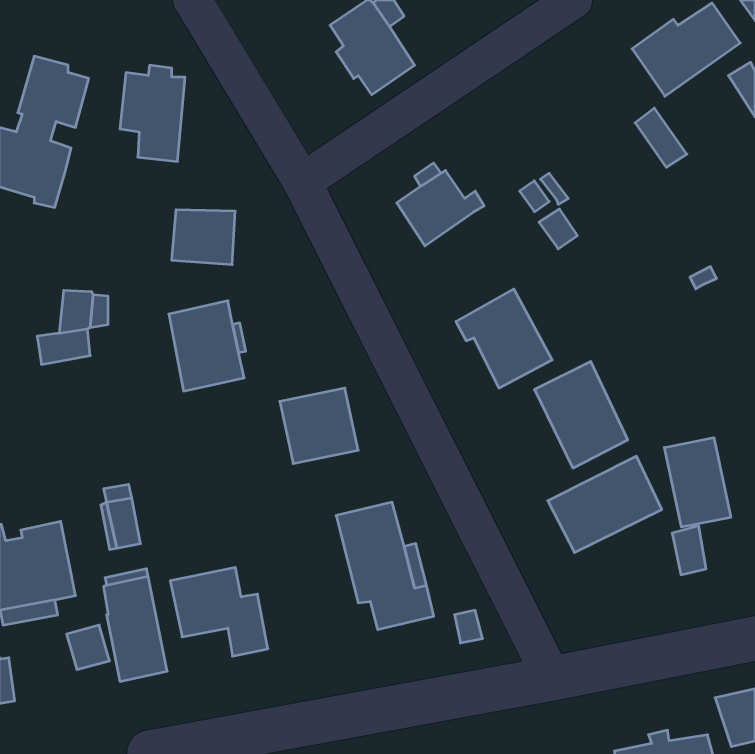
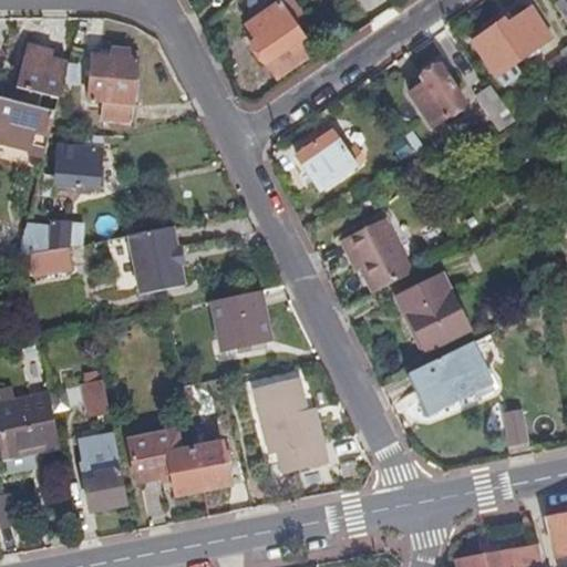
building: none -> [409,64,465,127]
building: [172,210,235,265] -> [56,145,104,186]
building: [664,438,731,527] -> none
building: none -> [193,441,228,487]

